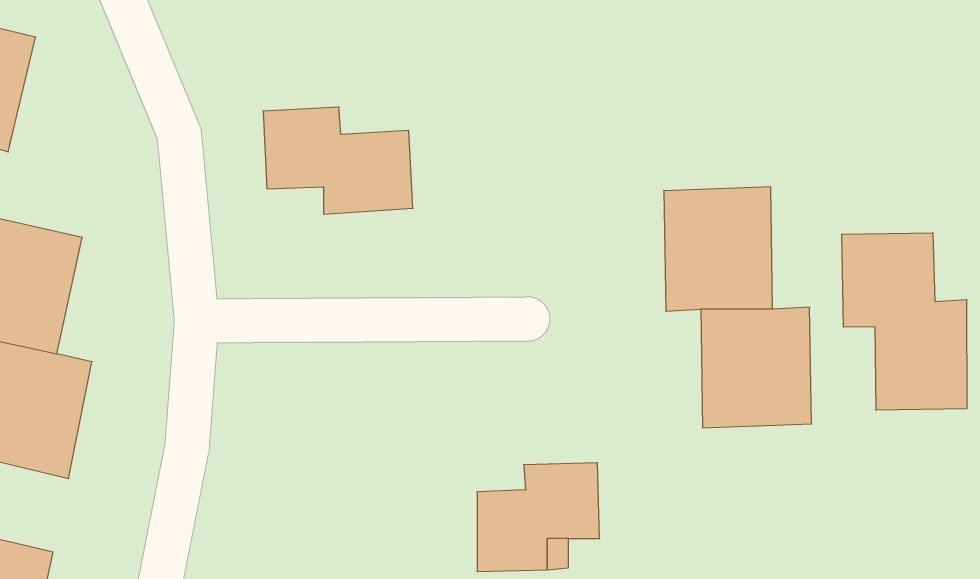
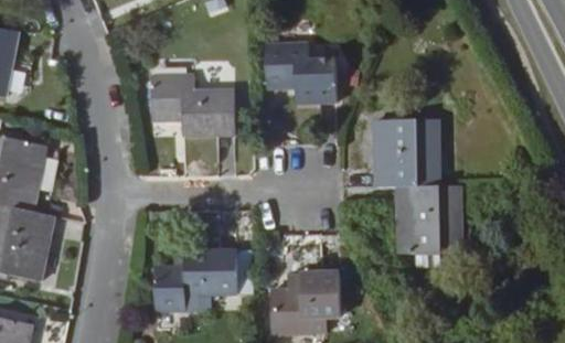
building: none -> [266,43,348,104]
building: [842,233,967,410] -> none
building: none -> [156,248,237,314]

